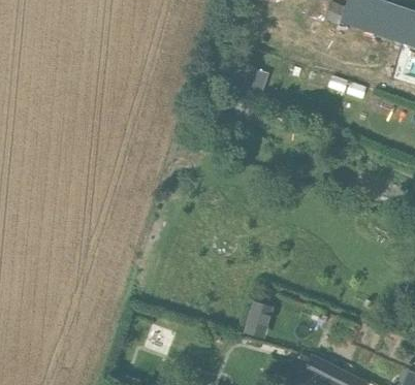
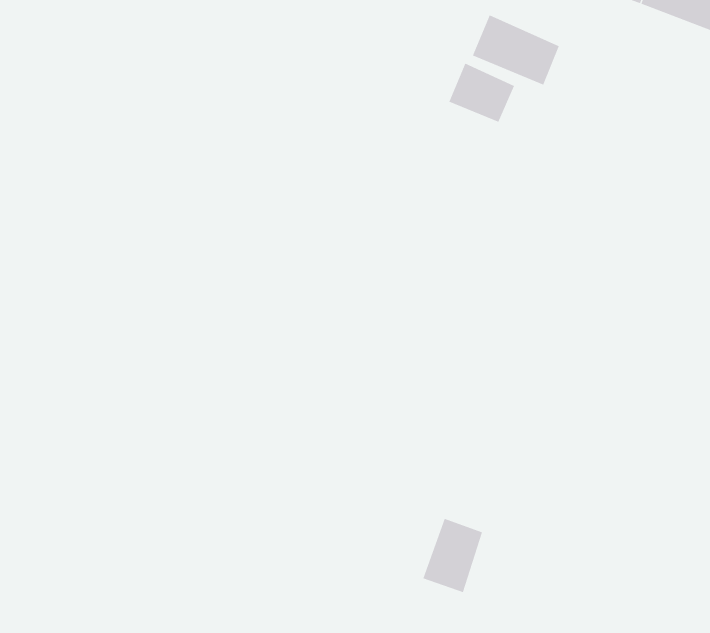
building: none -> [472,15,559,86]

